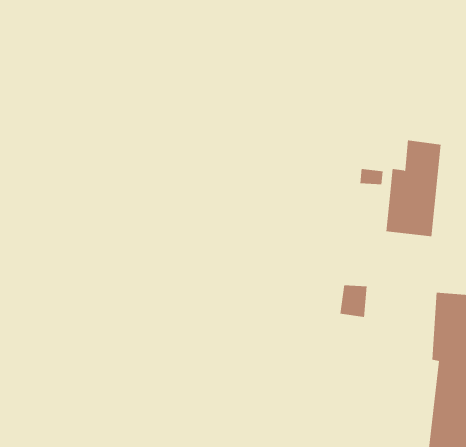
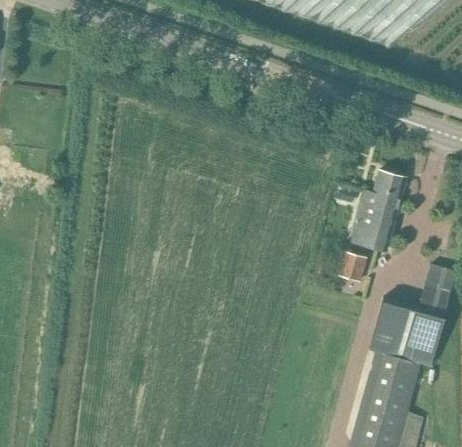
building: [340,285,367,317] -> [339,253,365,282]

